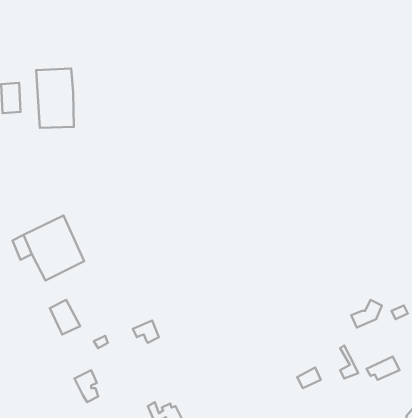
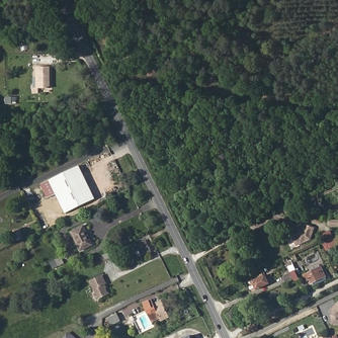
building: [36,68,74,128] -> none

